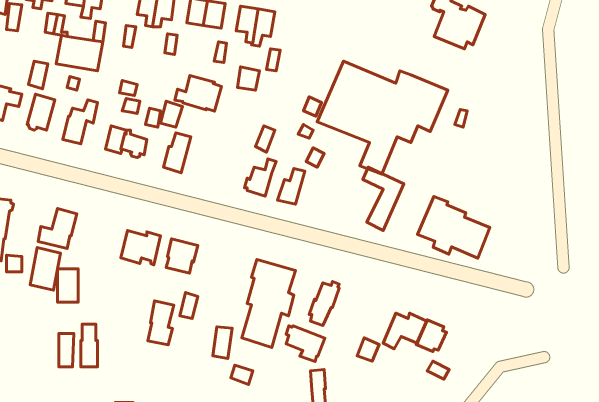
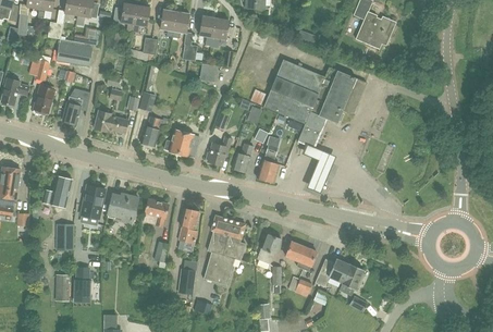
building: [175,75,221,111] -> [162,128,199,157]
building: none -> [257,136,280,182]
building: [418,196,490,258] -> none
building: [30,248,60,290] -> [81,185,104,219]
building: [148,301,174,345] -> [177,208,198,243]
building: [286,326,325,362] -> [285,242,316,270]

